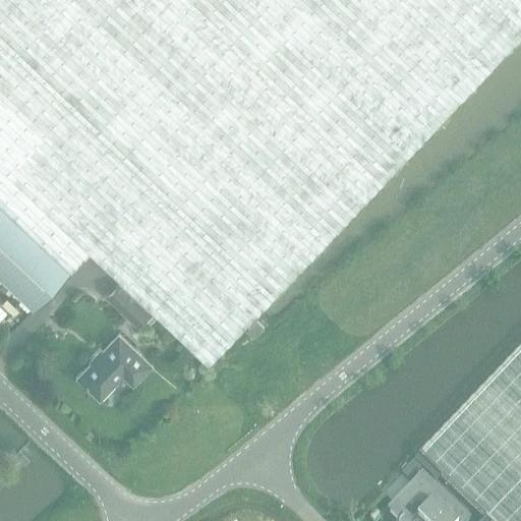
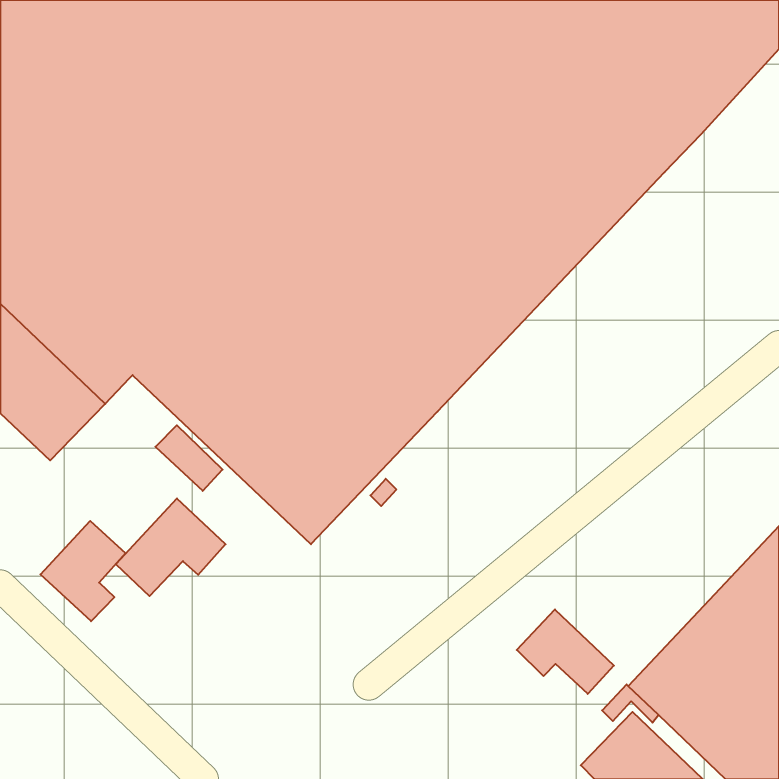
building: none -> [40,521,126,621]
building: none -> [517,609,614,694]

